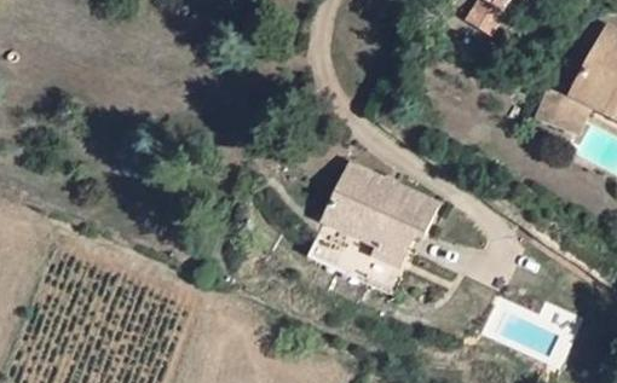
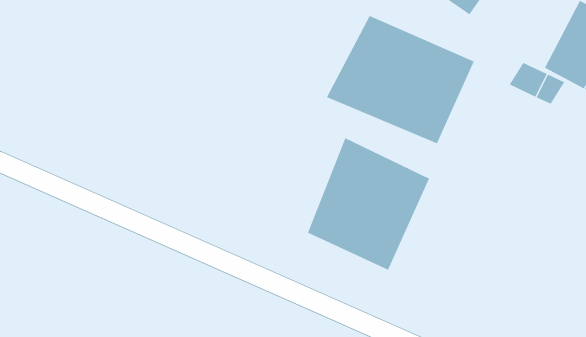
building: none -> [326,15,475,144]

